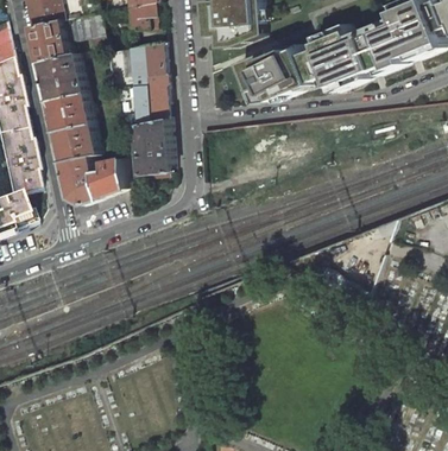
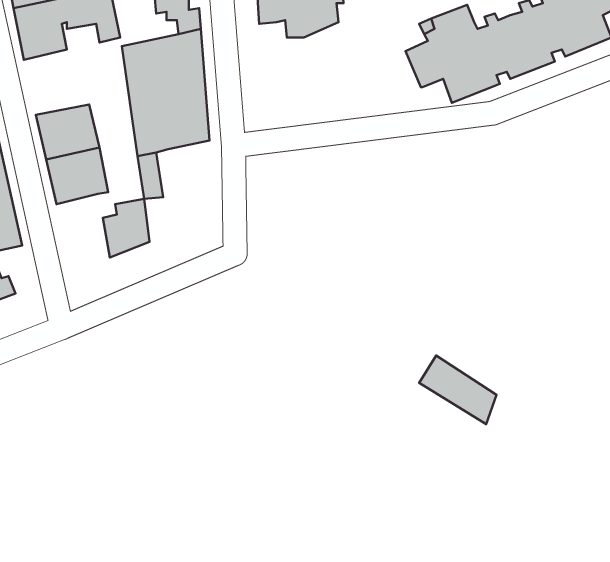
building: [240,45,316,101] -> none
building: [42,51,87,97] -> none
building: [141,115,173,171] -> none
building: [64,152,101,202] -> none

